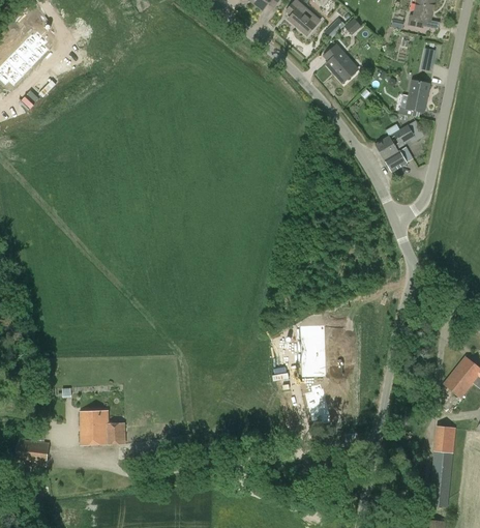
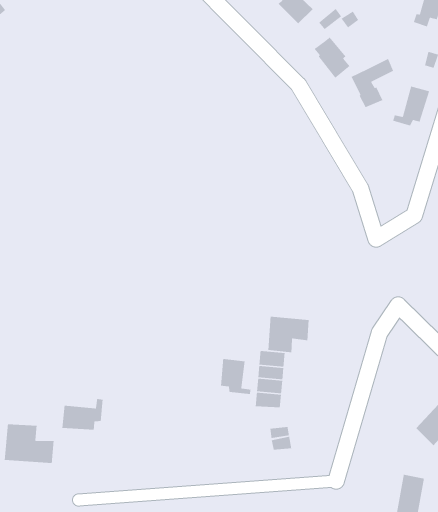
building: [376,124,414,171] -> [351,58,394,108]
building: none -> [268,316,310,353]
building: none -> [220,358,251,395]
building: none -> [61,398,103,431]

